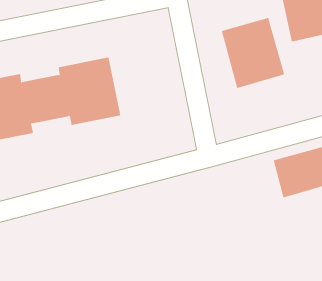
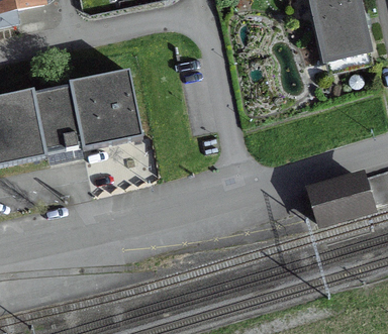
building: [221,17,285,89] -> none

